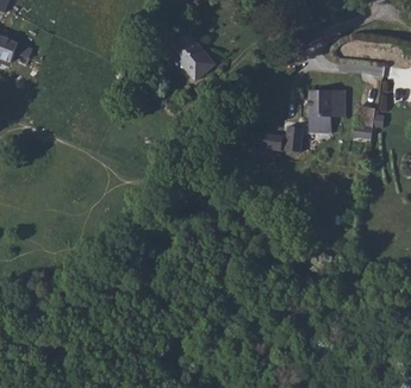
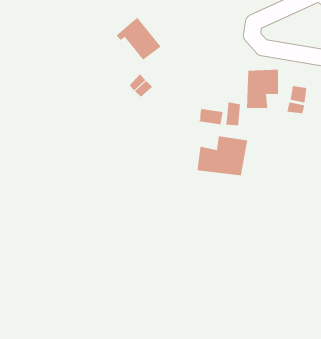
building: none -> [197,136,248,176]

